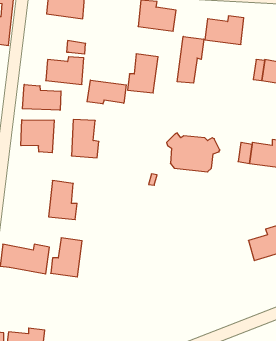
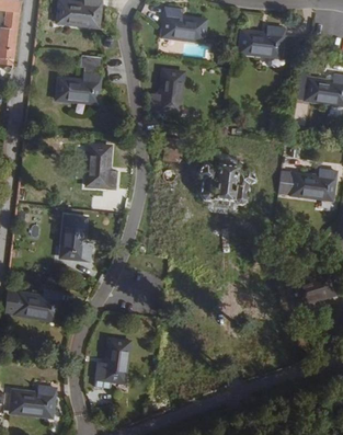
building: [177,36,204,83] -> none
building: [87,80,126,104] -> none
building: [22,84,61,110] -> none
building: [21,120,54,153] -> none
building: [51,238,82,277] -> [95,337,132,382]

